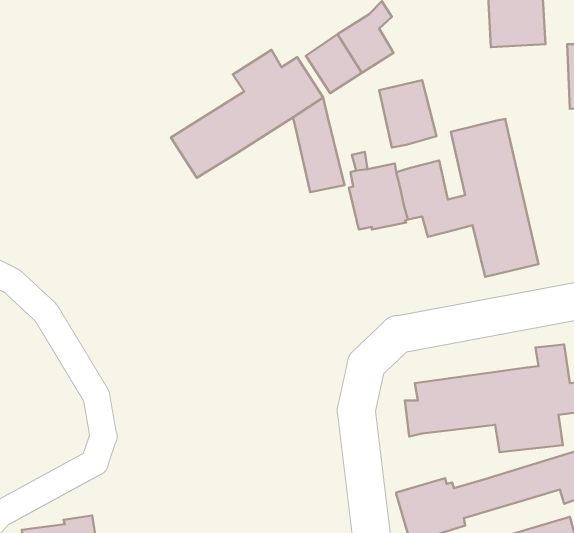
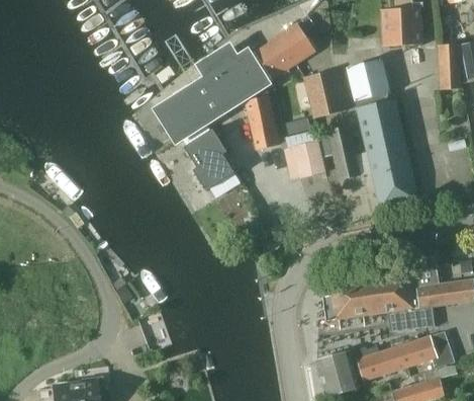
building: none -> [345,60,389,106]
building: none -> [181,123,233,190]

